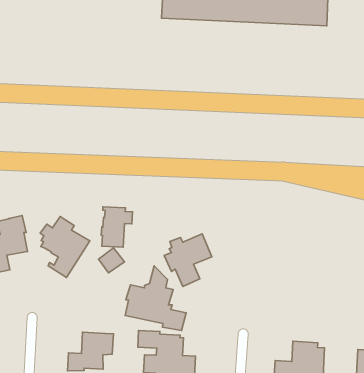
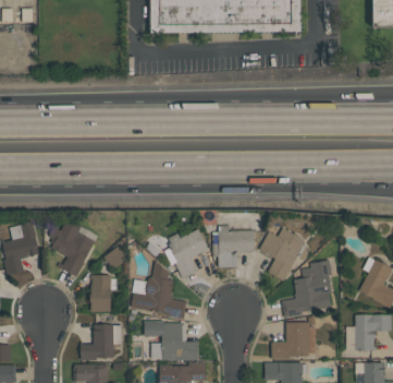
building: [101,207,132,247] -> [90,276,118,312]
building: none -> [213,226,255,267]
building: none -> [259,228,311,283]
building: none -> [282,260,333,319]

